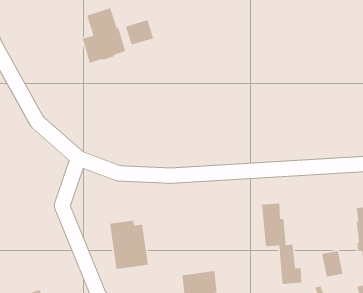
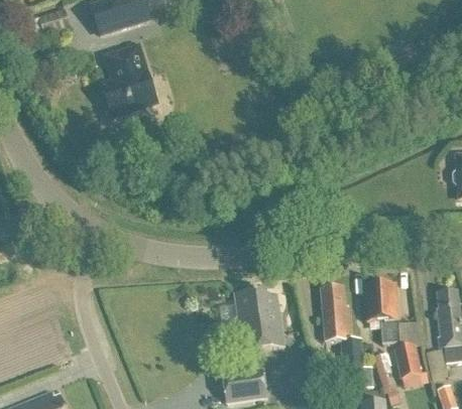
building: [125,19,154,46] -> none
building: none -> [365,282,400,343]
building: [109,220,149,270] -> [236,288,284,350]

